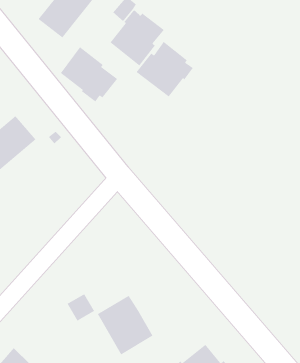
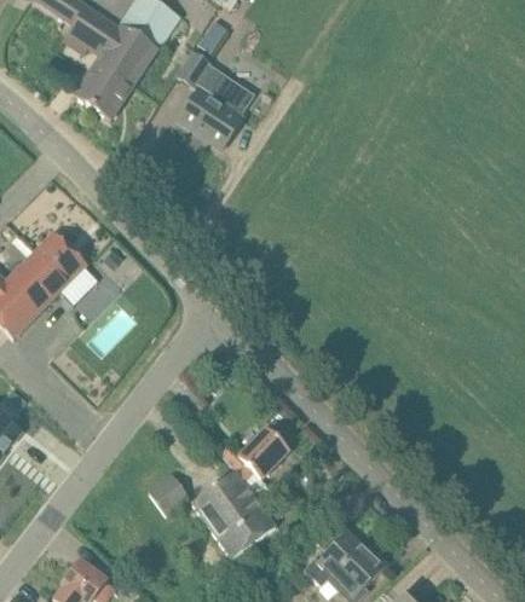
building: [136,41,194,98] -> none
building: [60,46,118,103] -> none
building: none -> [220,427,288,492]

